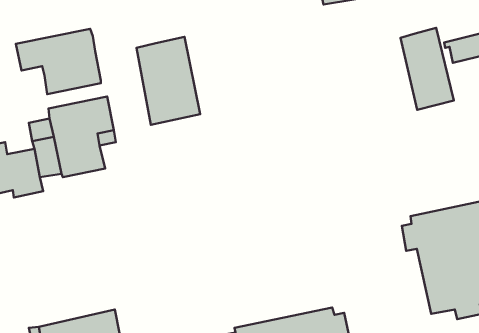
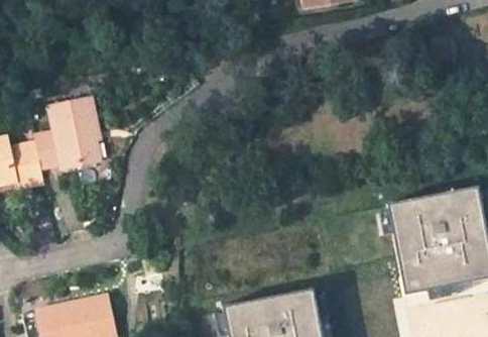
building: [401,28,454,110] -> none
building: [16,29,101,94] -> none
building: [136,37,200,125] -> none

